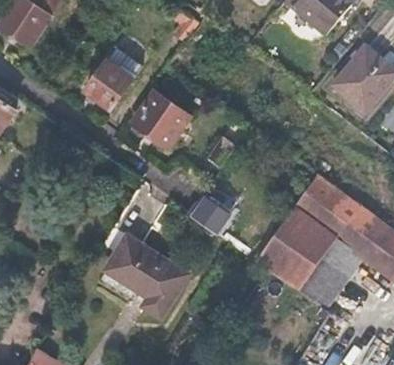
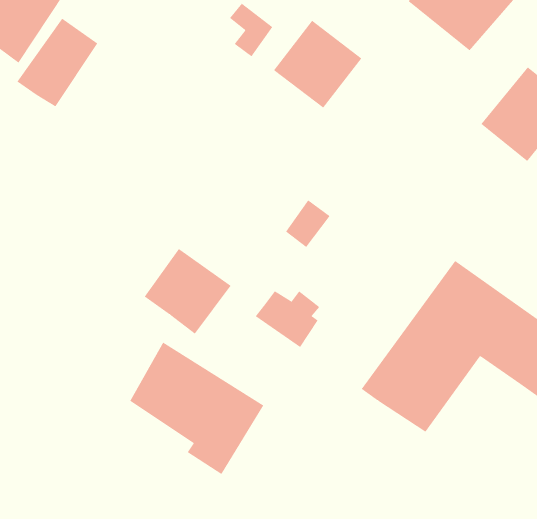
building: none -> [273,20,362,109]
building: [86,50,140,109] -> [16,18,98,107]
building: [132,92,190,149] -> [144,248,232,334]
building: [299,240,361,311] -> none

